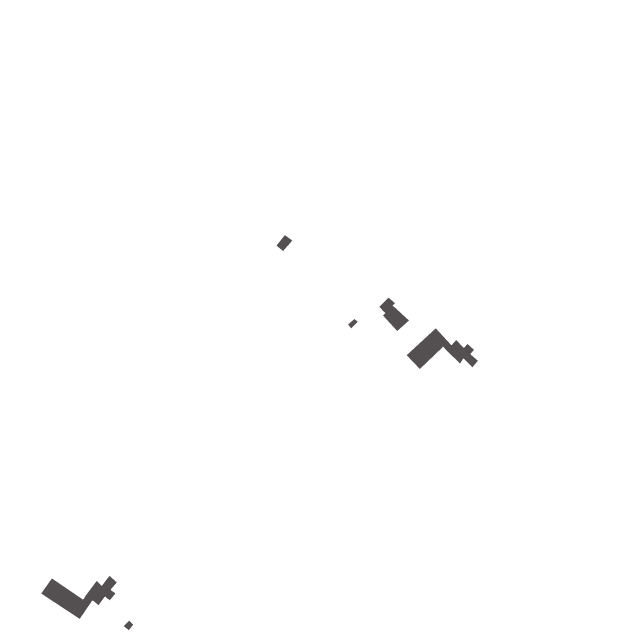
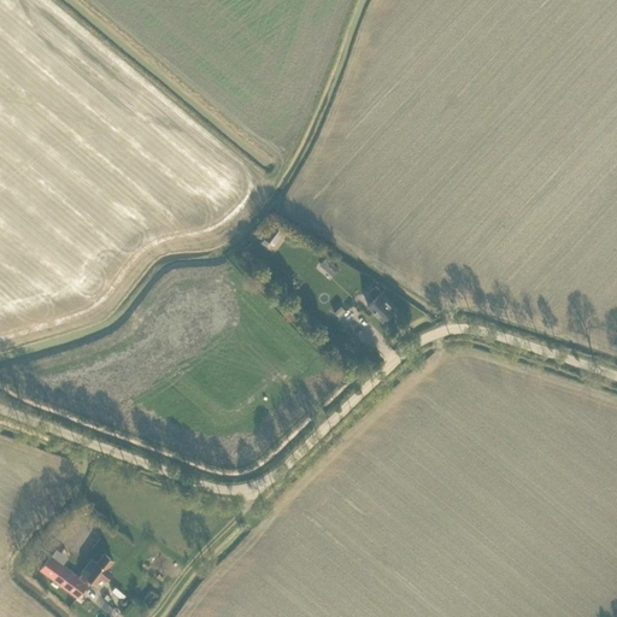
building: [406,327,479,370] -> none

